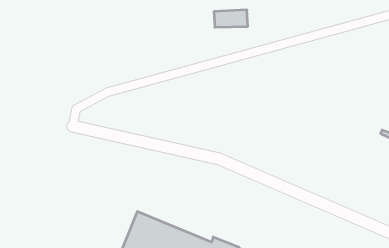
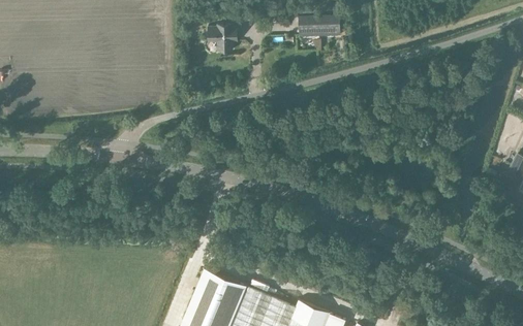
building: none -> [207,25,236,54]

